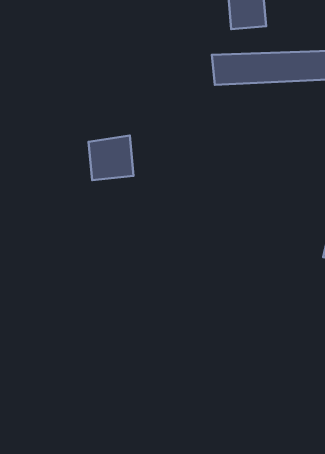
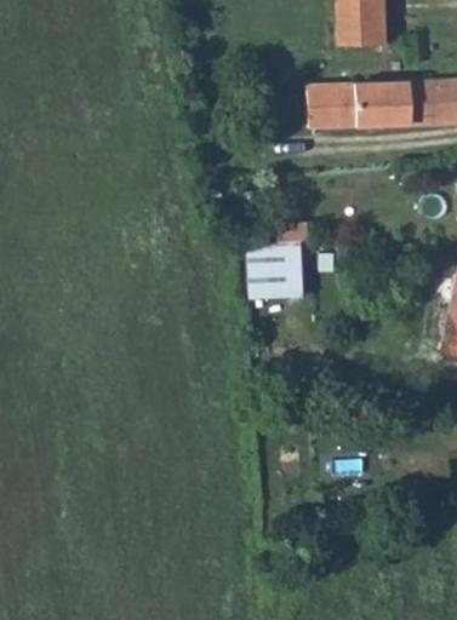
building: [89,135,134,180] -> [244,235,303,294]

